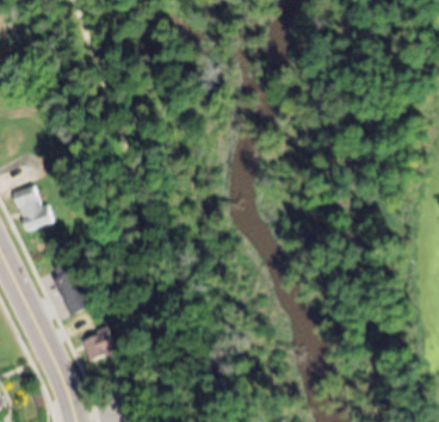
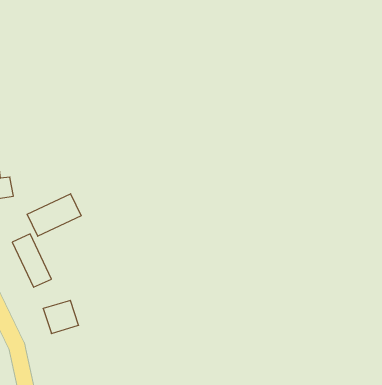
building: none -> [27,194,81,236]

